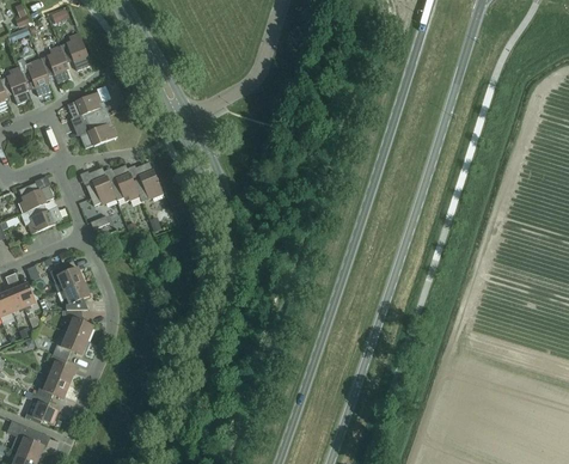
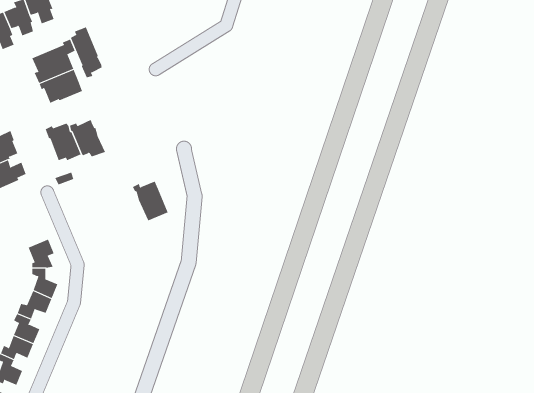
building: none -> [70,26,102,78]
building: [127,161,163,201] -> [132,181,169,221]
building: [50,263,84,289] -> none

